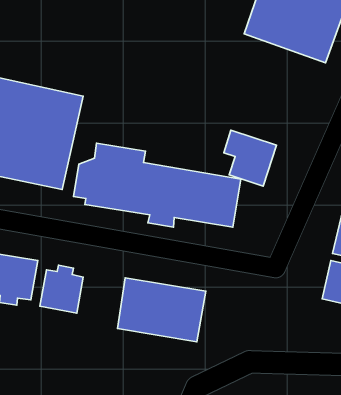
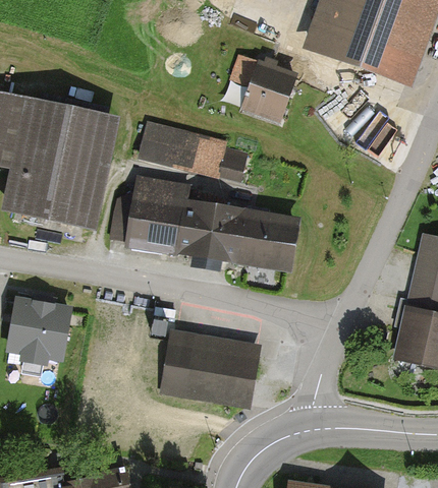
building: none -> [140,121,242,180]
building: [224,130,276,186] -> [234,60,295,125]
building: [40,265,83,313] -> none

